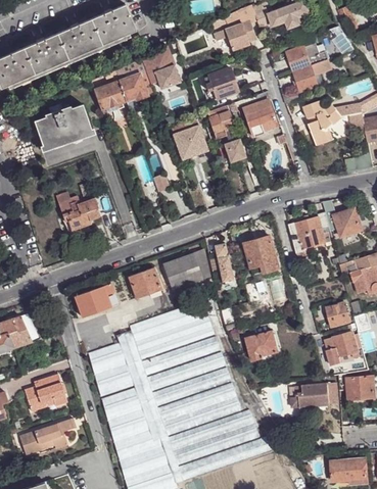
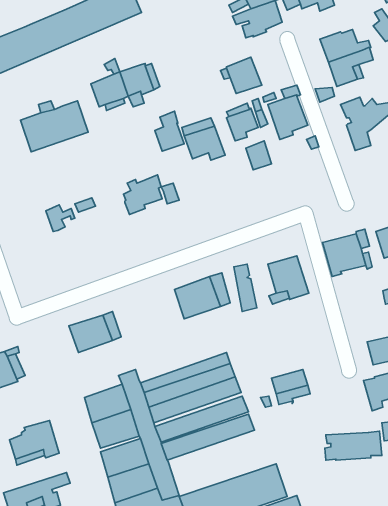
building: [154,54,179,88] -> [155,111,184,151]
building: [66,197,99,231] -> [123,175,162,215]
building: [130,266,162,297] -> none
building: [131,309,195,340] -> none
building: [159,384,242,437] -> none

